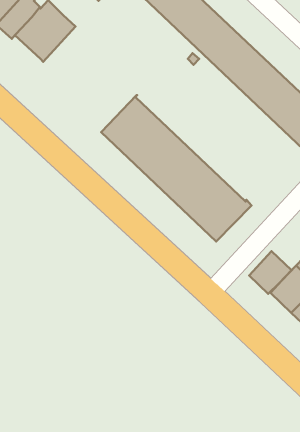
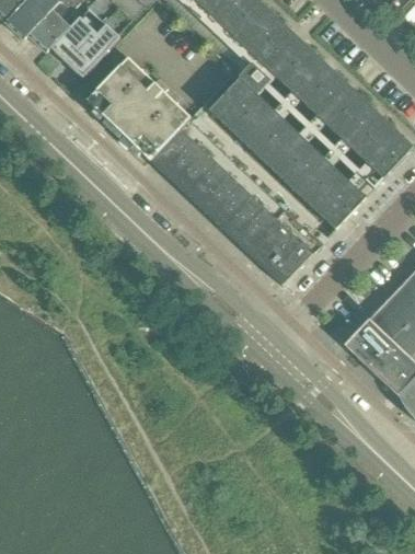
building: none -> [87,57,189,159]
building: none -> [209,78,366,229]
building: [249,251,291,294] -> none

